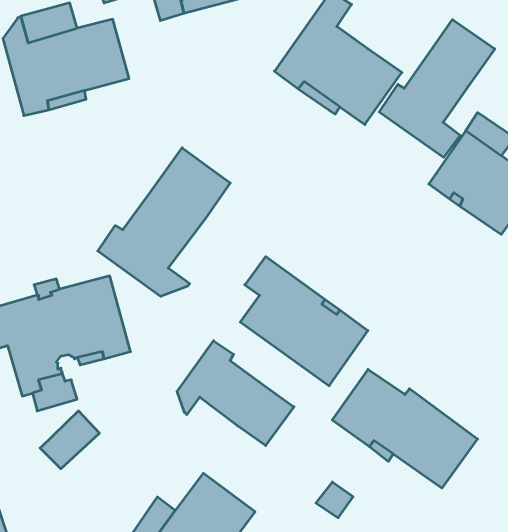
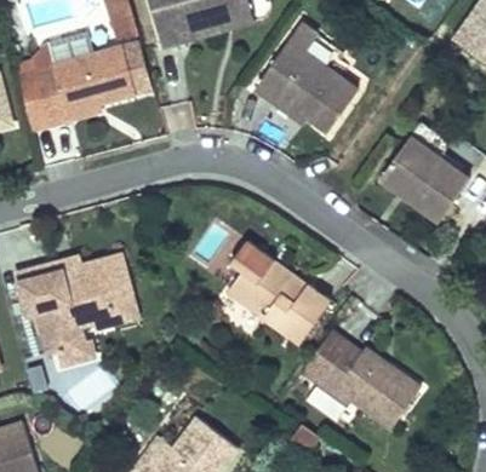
building: [379,20,495,157] -> none
building: [98,148,230,296] -> none
building: [177,341,294,446] -> none

